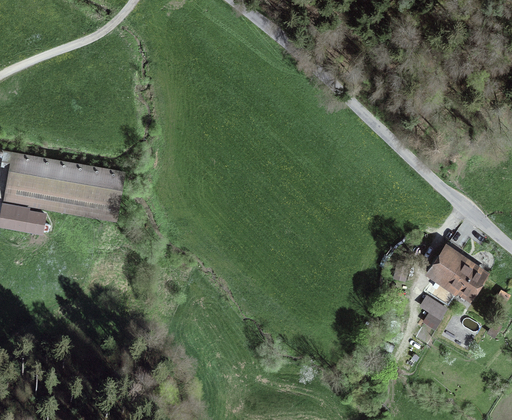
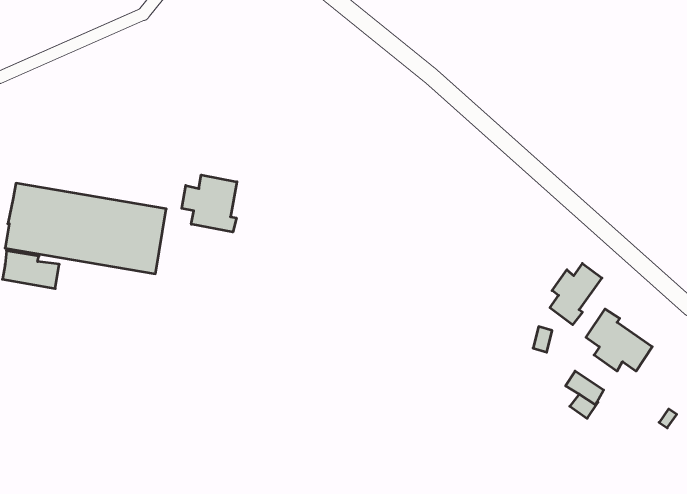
building: none -> [182,175,237,232]
building: none -> [550,263,602,325]

